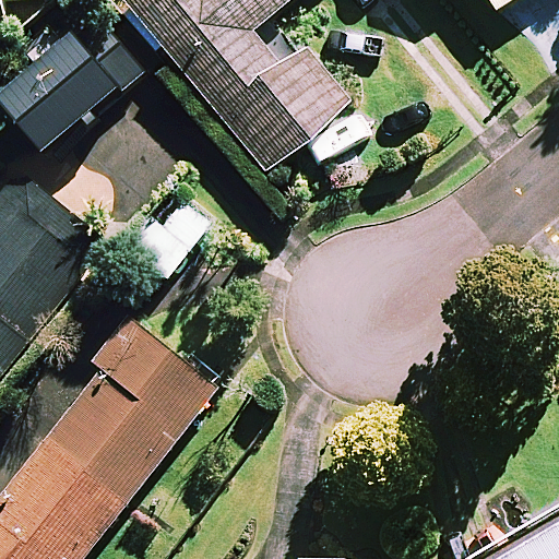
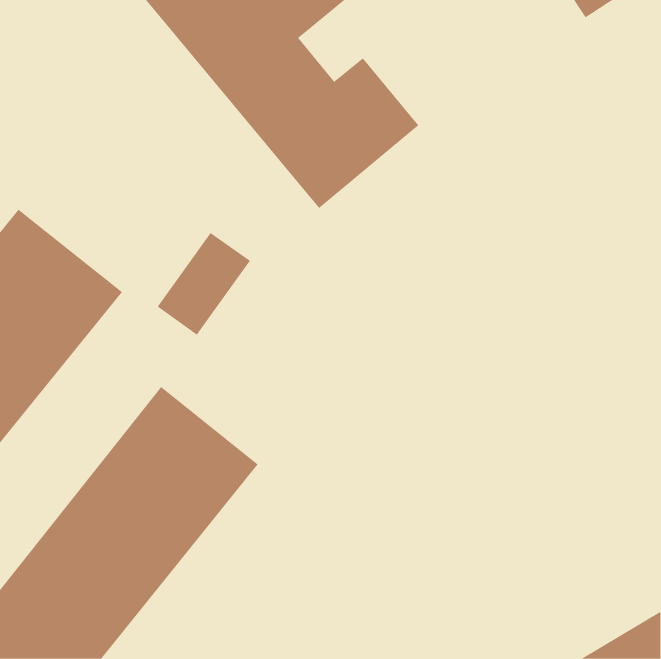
building: [13,13,148,145] -> none

